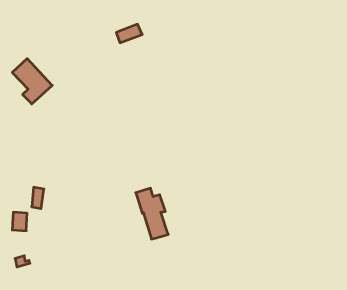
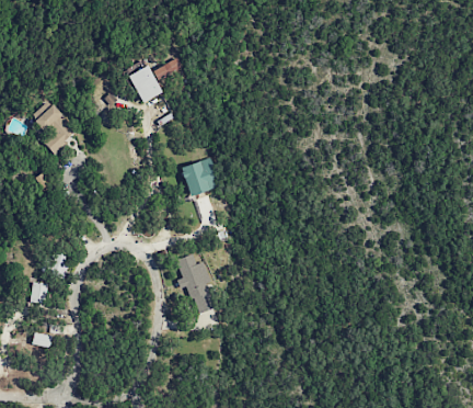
building: none -> [129,66,161,102]
building: none -> [181,157,221,196]

